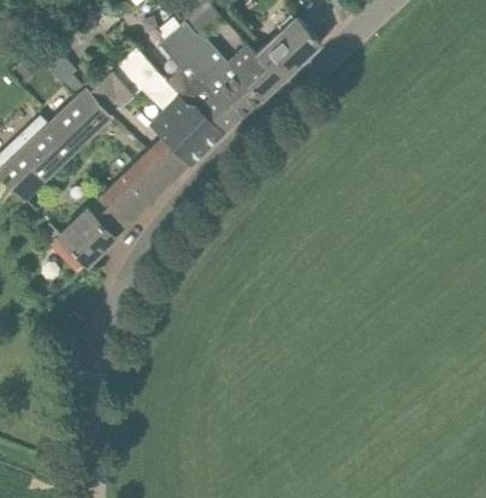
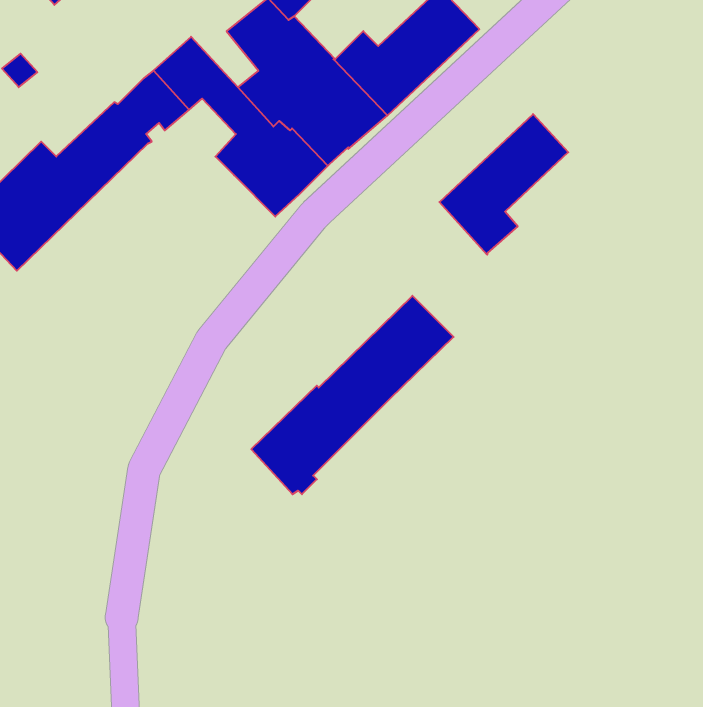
building: none -> [439,114,568,255]
building: [60,138,190,266] -> [251,296,454,494]

